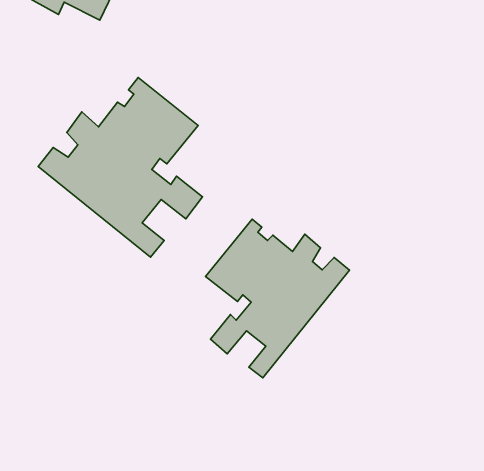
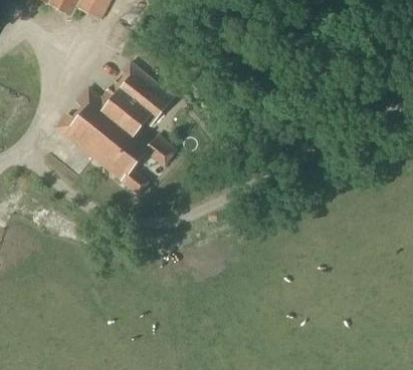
building: [206,219,349,378] -> none

